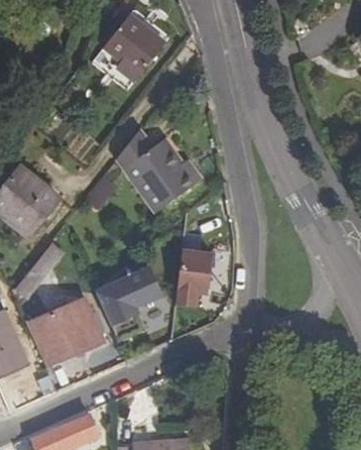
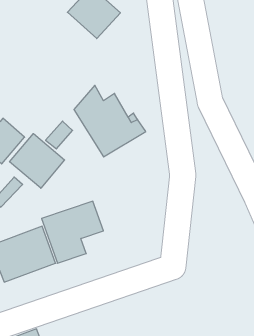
building: none -> [10,134,65,188]
building: [183,250,216,305] -> none

